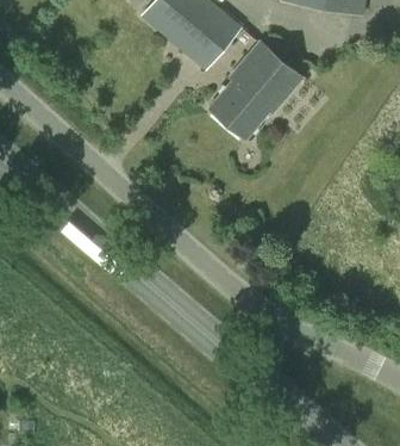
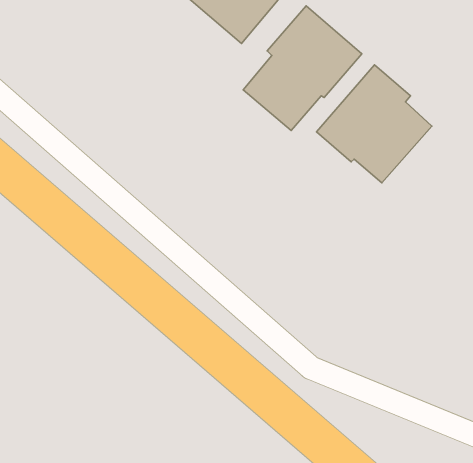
building: none -> [317,65,432,183]

